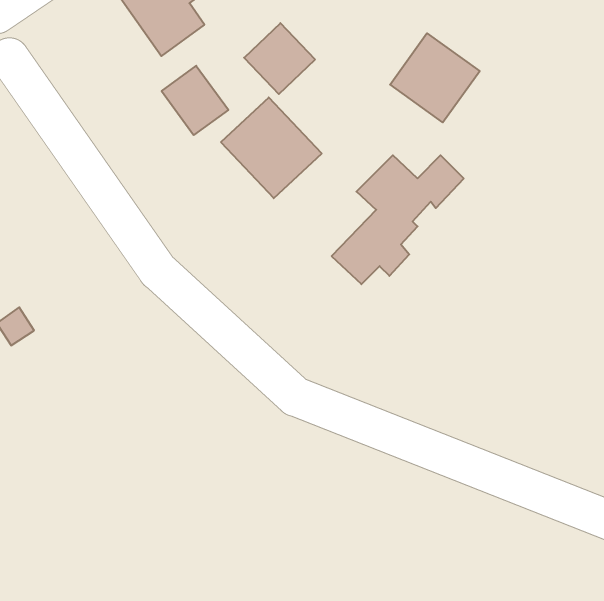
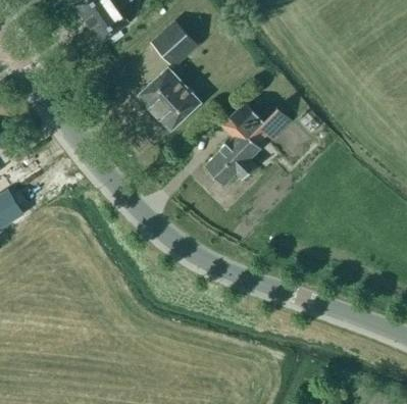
building: [390,33,480,122] -> none
building: [162,66,228,135] -> none

